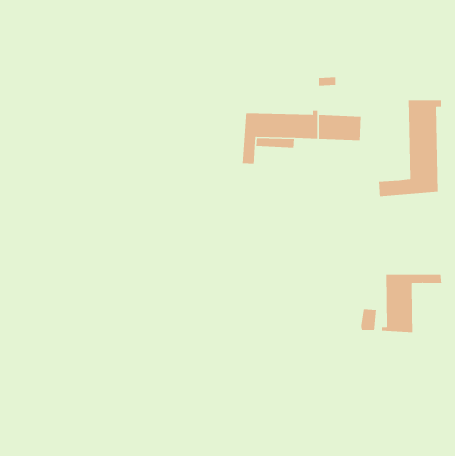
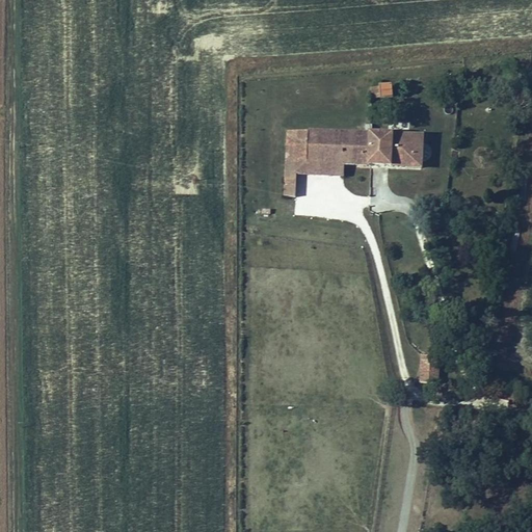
building: [378,100,442,197] -> none
building: [381,274,442,333] -> none

